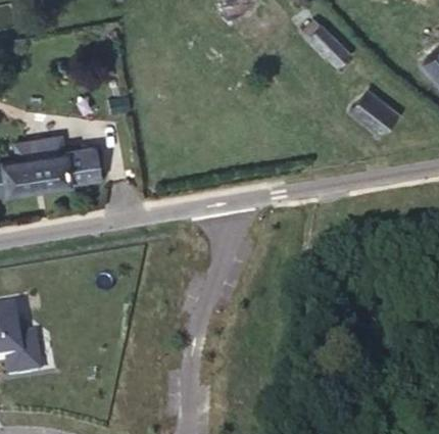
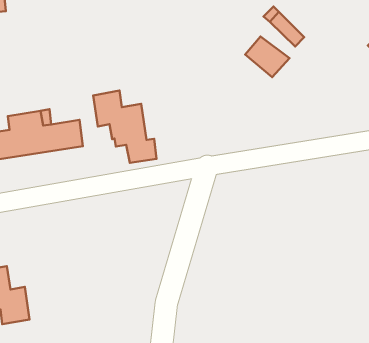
building: [350,91,400,137] -> [245,36,290,77]
building: none -> [93,90,157,163]

